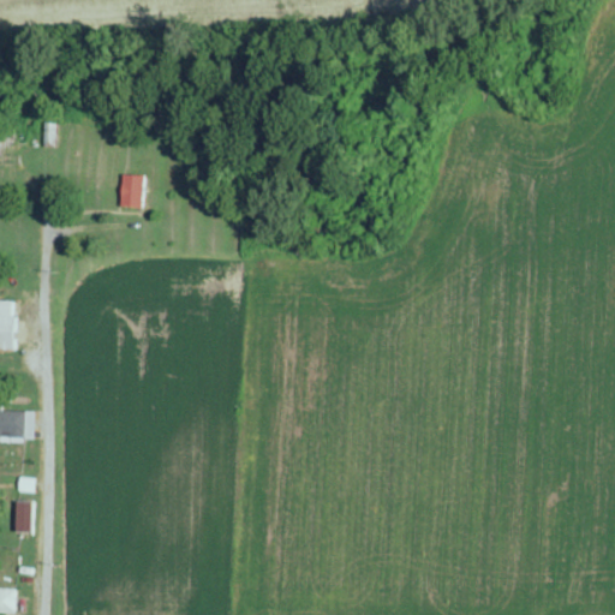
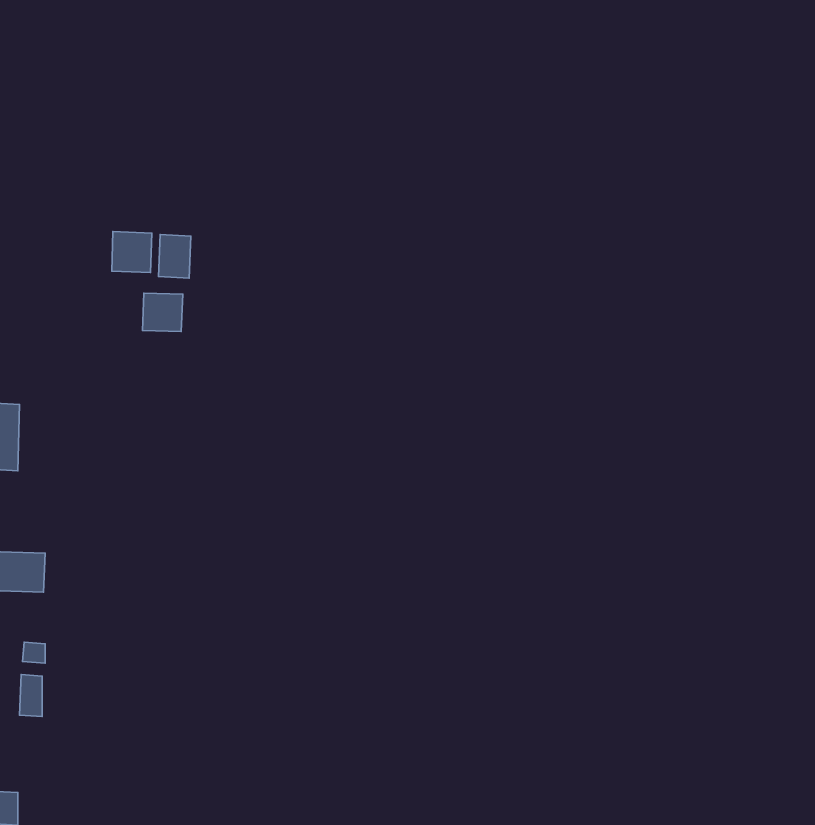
building: none -> [112,232,152,273]
building: none -> [142,293,183,332]

